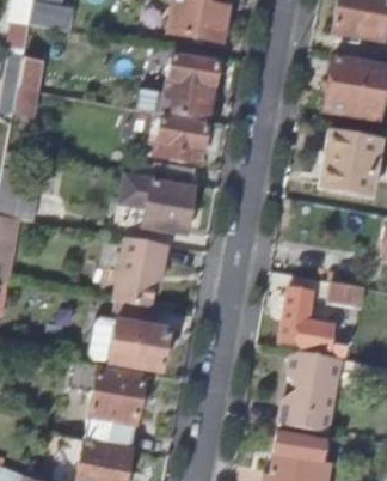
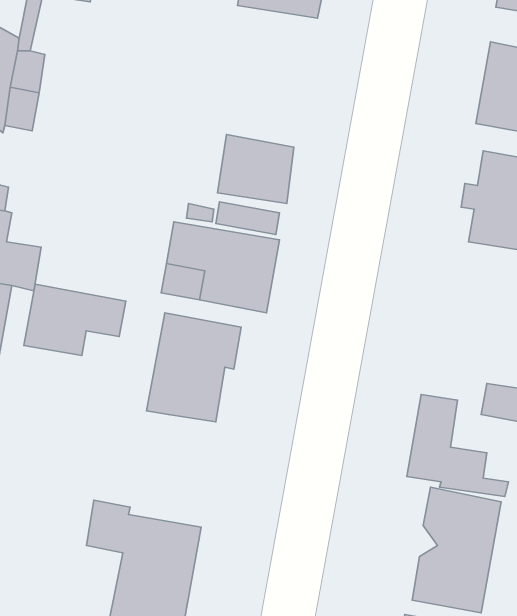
building: [137,55,217,118] -> none
building: none -> [24,284,126,356]
building: [110,302,168,372] -> none

